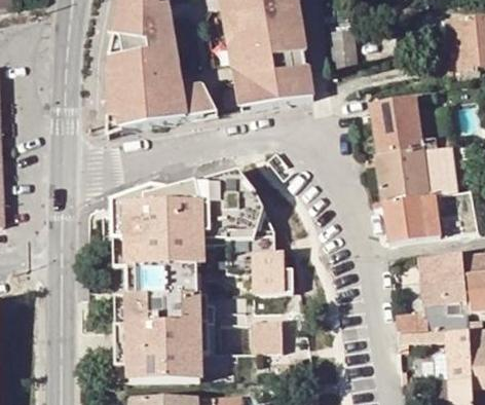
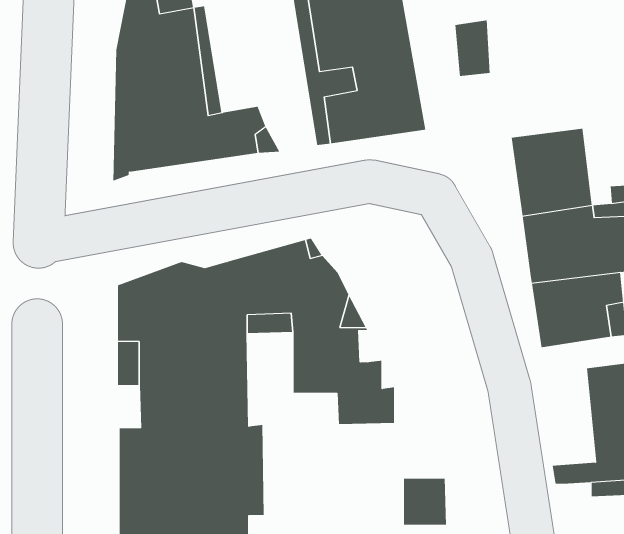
building: [255,319,284,349] -> [403,478,447,525]

